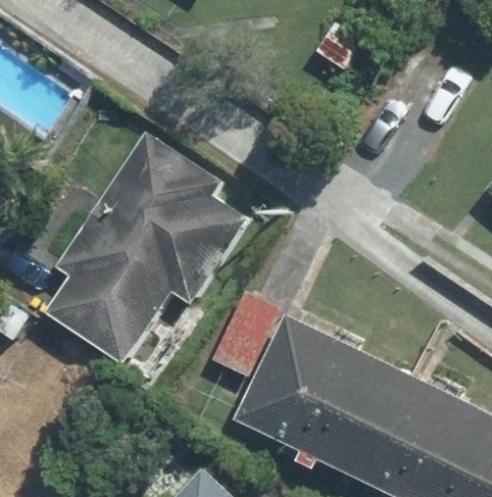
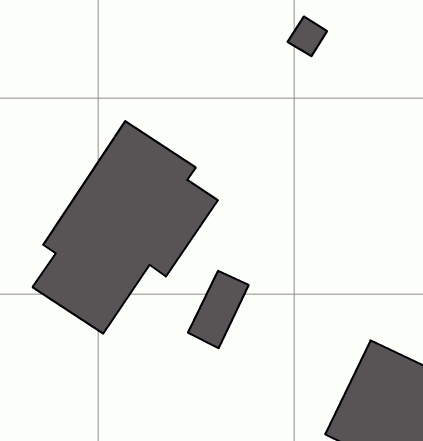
building: [245,318,402,469] -> none

